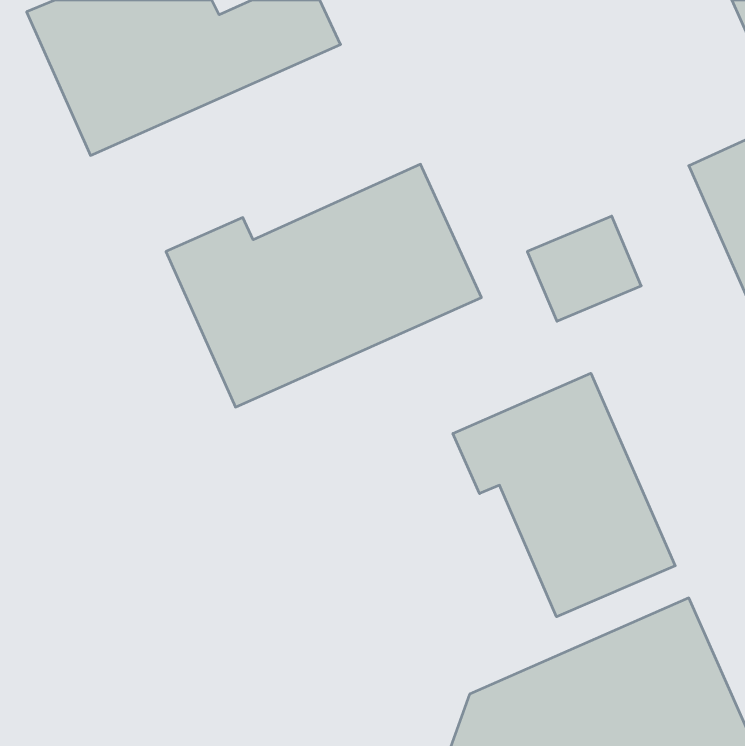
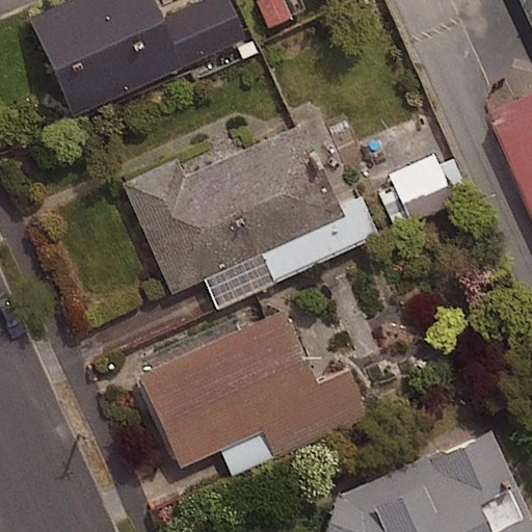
building: [453,373,675,617] -> none
building: none -> [142,312,377,469]

